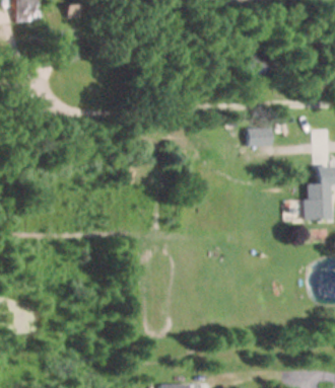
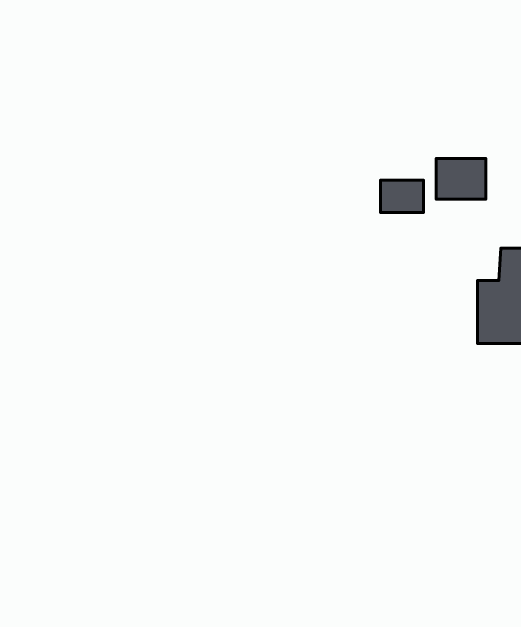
building: none -> [436,159,486,199]

